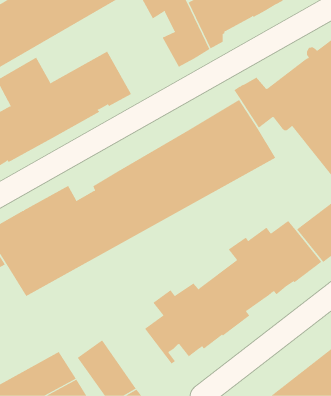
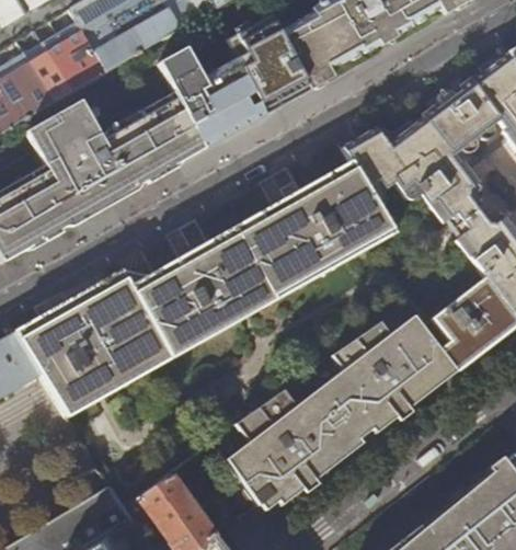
building: none -> [160,49,268,150]

